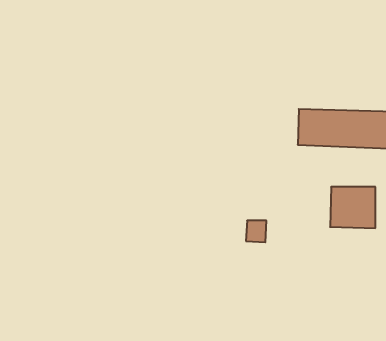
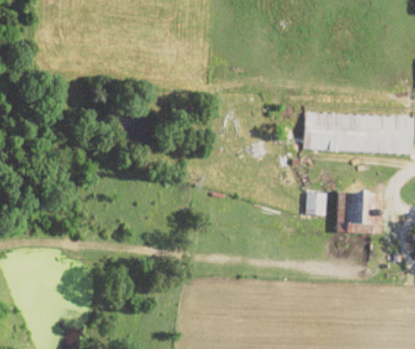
building: [246,221,266,242] -> [306,192,327,214]

